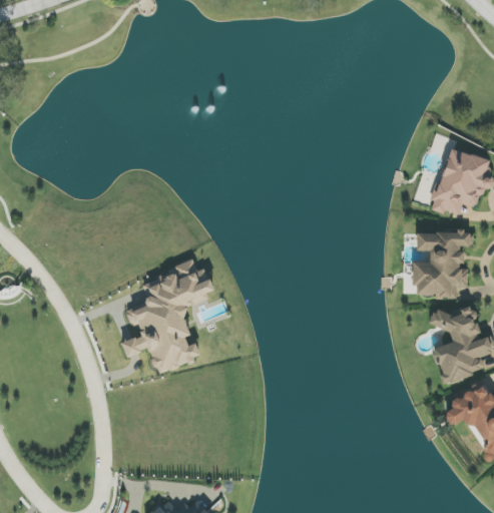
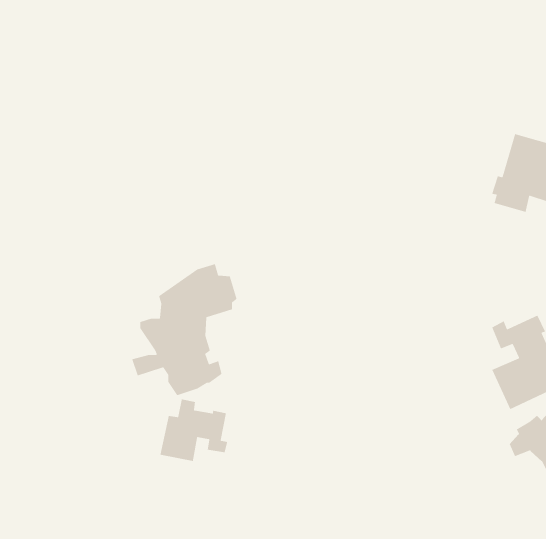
building: [412,227,471,298] -> none
building: none -> [160,399,228,462]

